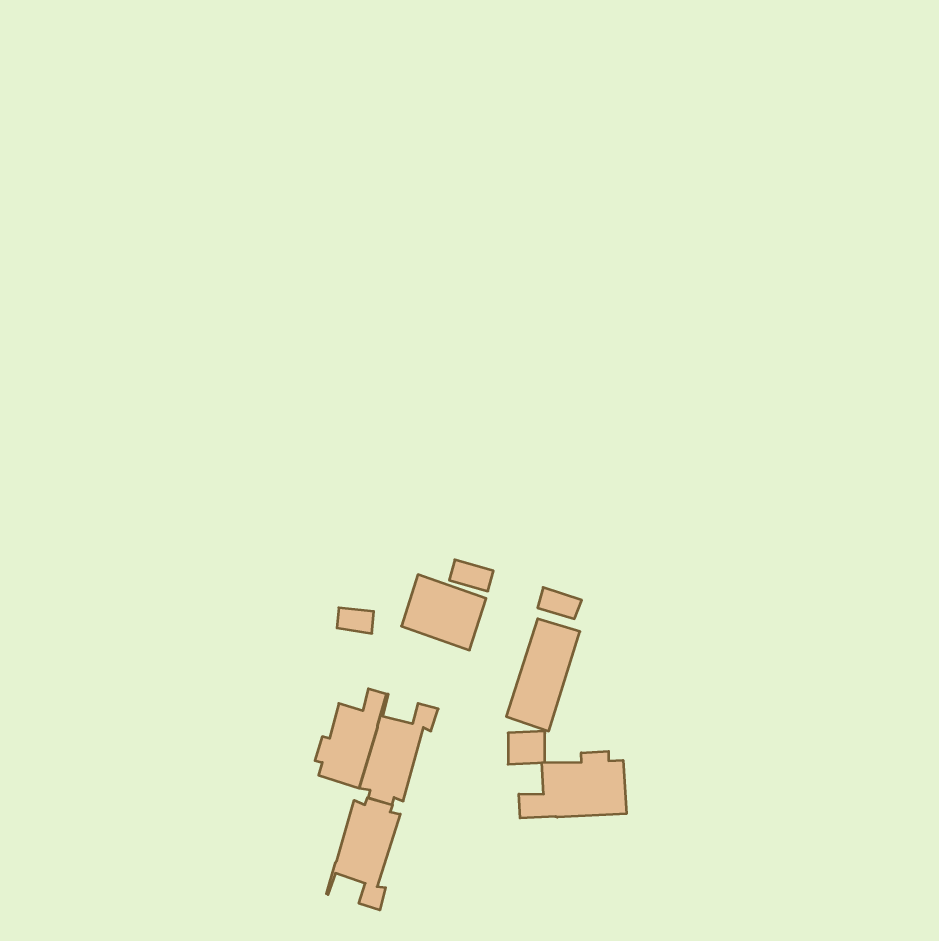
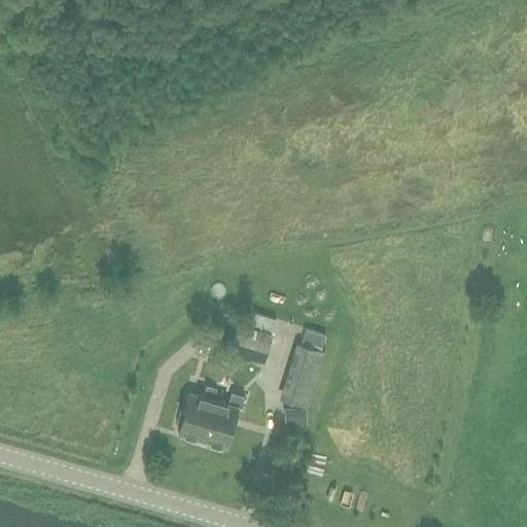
building: [519,751,626,818] -> none
building: [326,798,400,910] -> none

